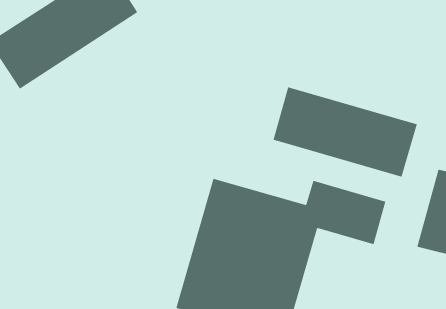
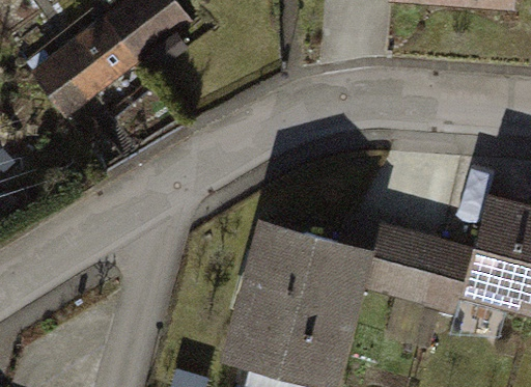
building: [273,86,418,178] -> none

